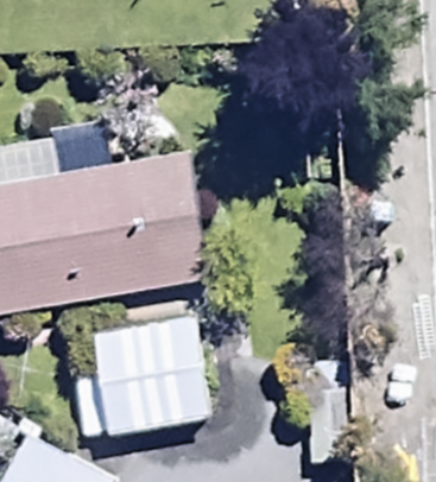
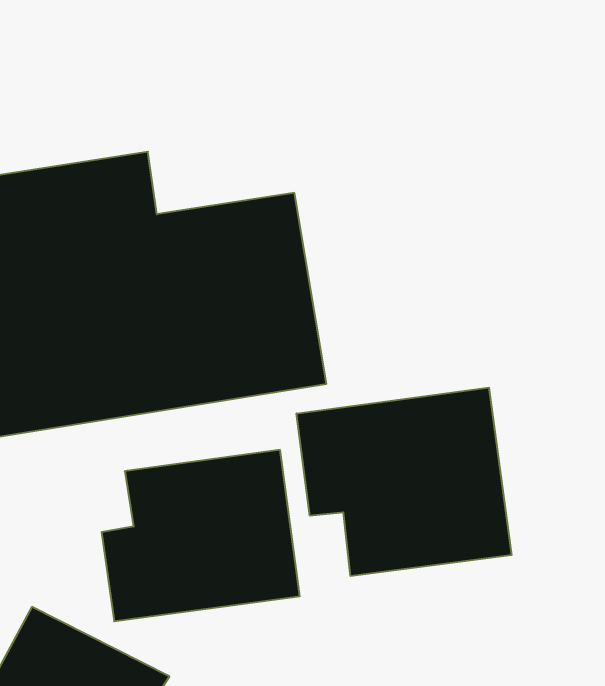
building: none -> [297,388,512,576]

